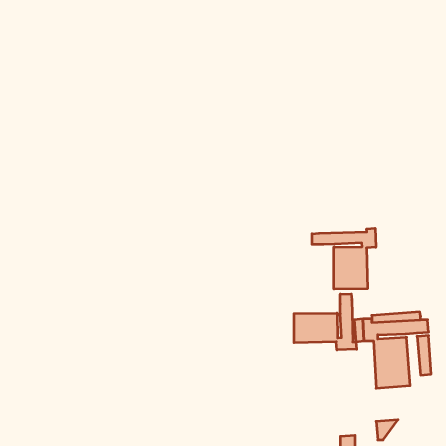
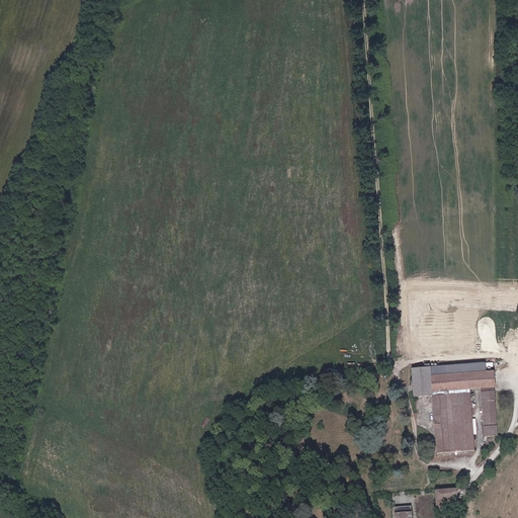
building: [312,228,376,289] -> none
building: [294,294,357,350] -> none

